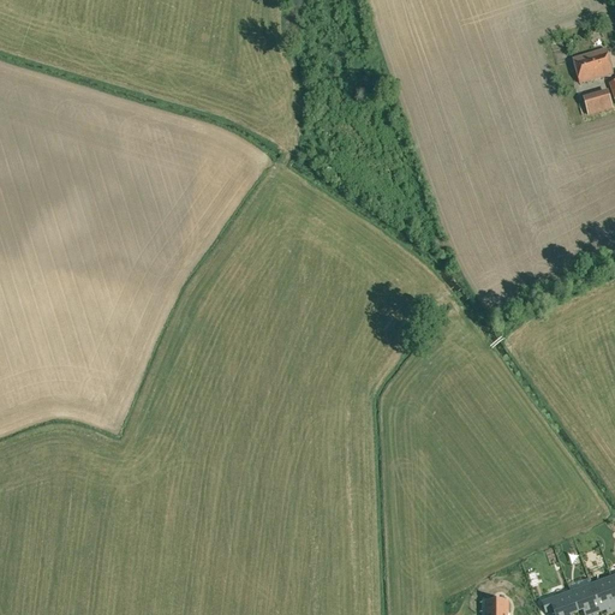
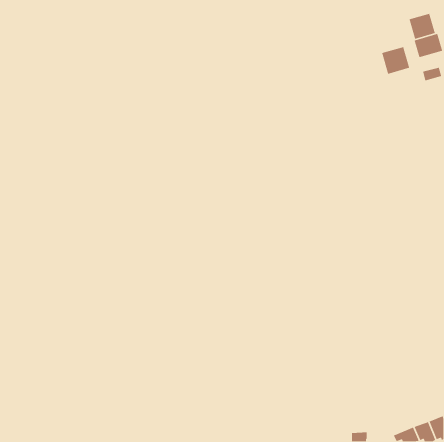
building: none -> [409,13,436,40]
building: none -> [381,46,410,75]

